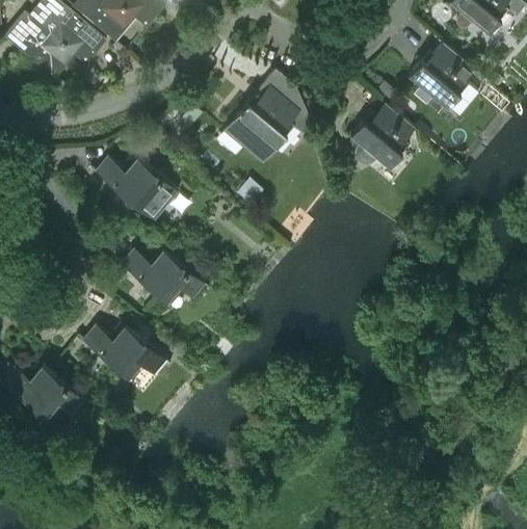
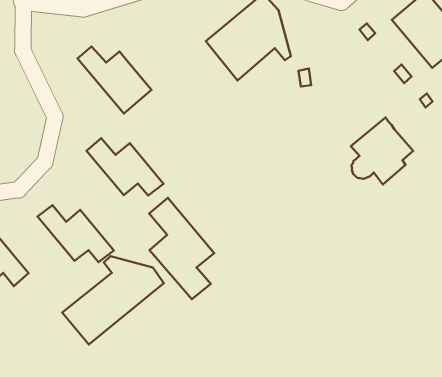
building: [350,100,415,168] -> [351,118,413,184]
building: none -> [149,198,214,299]
building: none -> [62,256,164,345]

